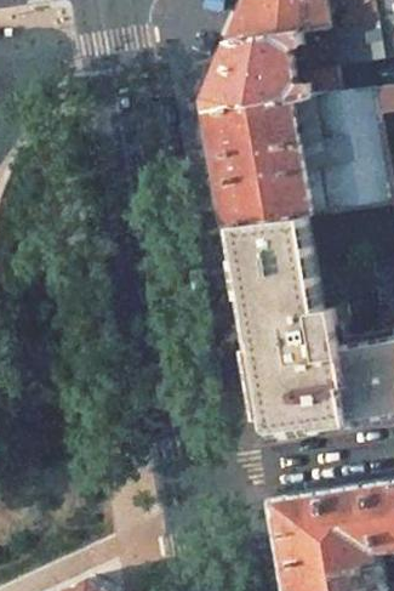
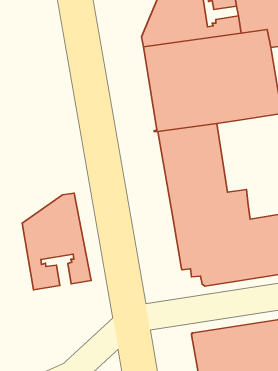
building: none -> [22,193,91,290]

